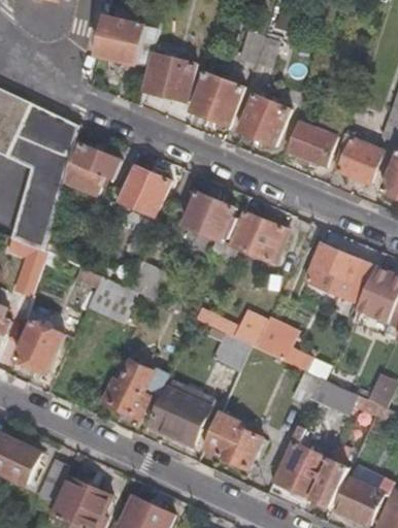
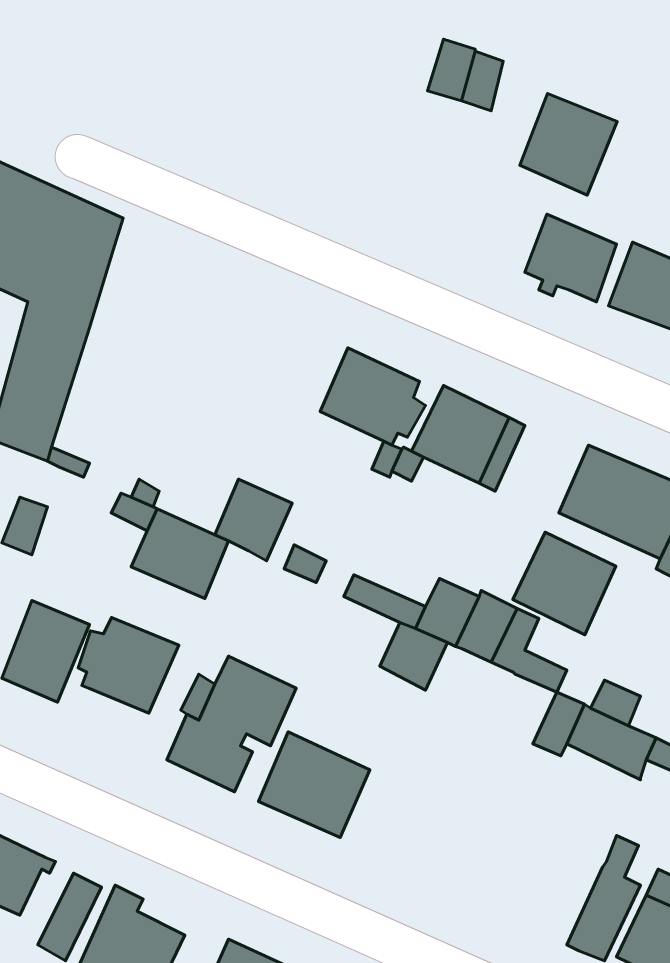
building: [95,15,155,68] -> none
building: [143,54,195,102] -> none
building: [191,72,240,124] -> none
building: [238,93,289,145] -> [520,94,617,195]
building: [62,140,118,195] -> none
building: [117,164,169,217] -> none
building: none -> [513,532,616,635]
building: none -> [78,618,179,713]
building: [201,411,261,470] -> none
building: [273,425,328,500] -> none

